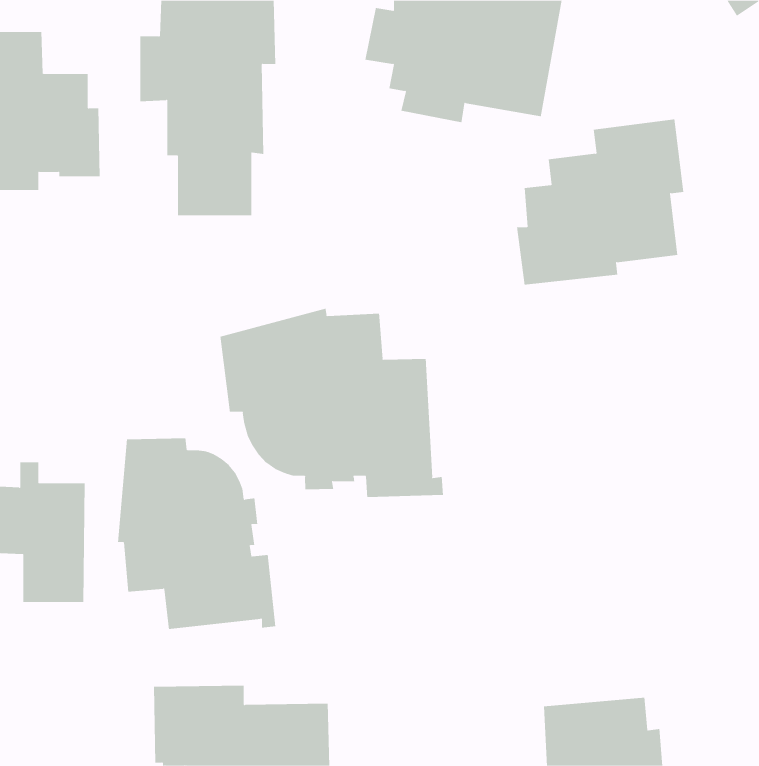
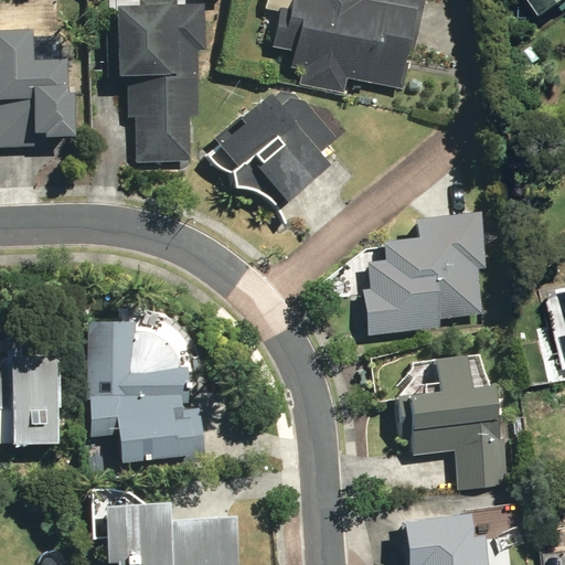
building: none -> [211,84,338,205]
building: [516,119,684,285] -> [364,212,488,334]
building: [220,308,443,498] -> none
building: none -> [398,355,505,489]

